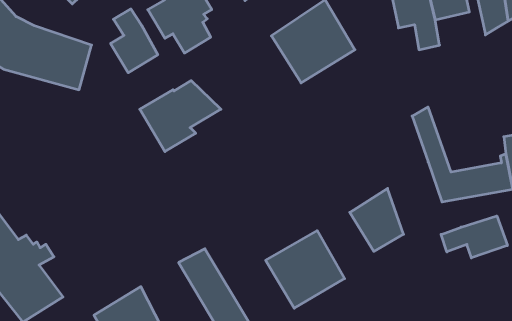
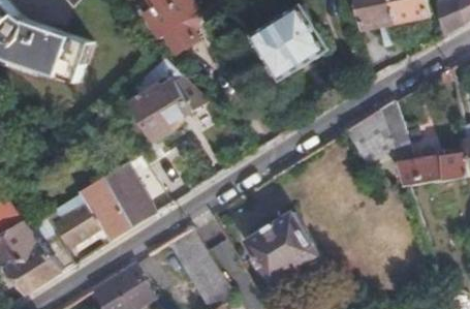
building: [111,9,158,73] -> none
building: none -> [56,165,156,247]
building: [350,188,404,251] -> [344,107,393,164]
building: [441,216,507,258] -> none

